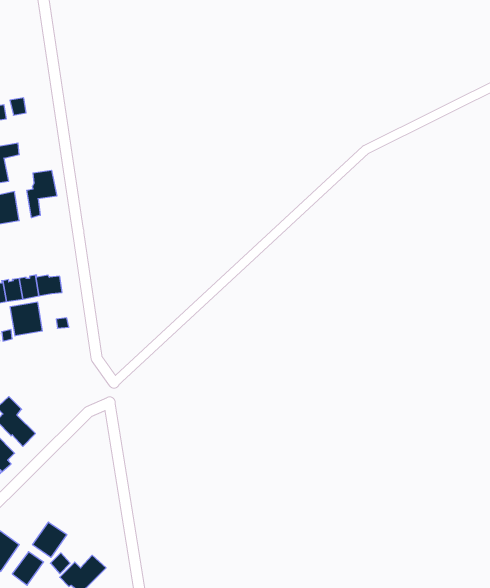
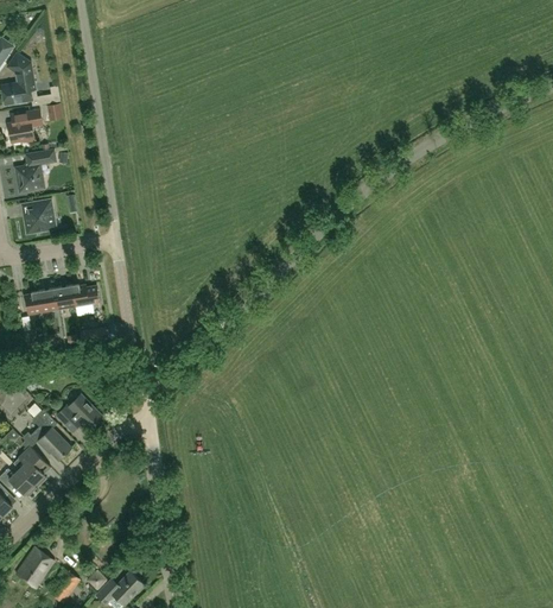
building: [27,170,57,218] -> none
building: [10,302,42,336] -> none
building: none -> [56,394,102,432]
building: [33,522,67,557] -> none

